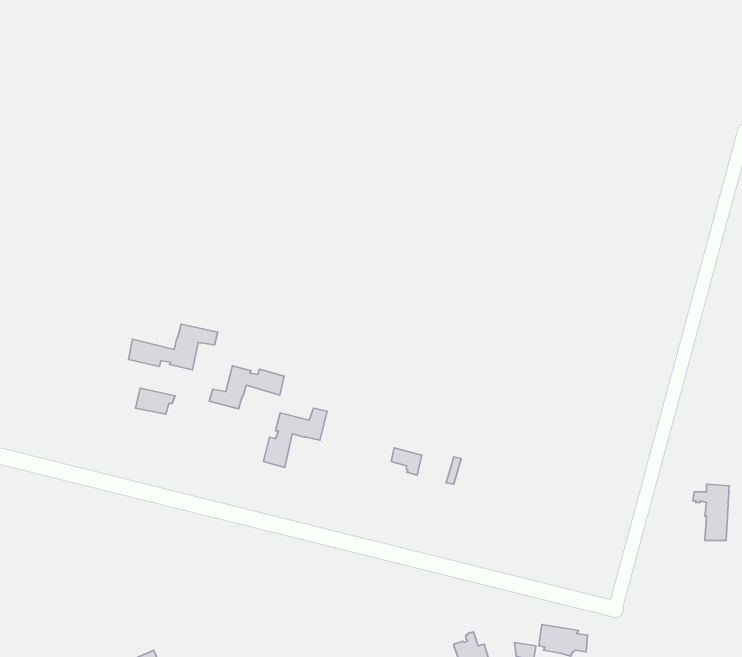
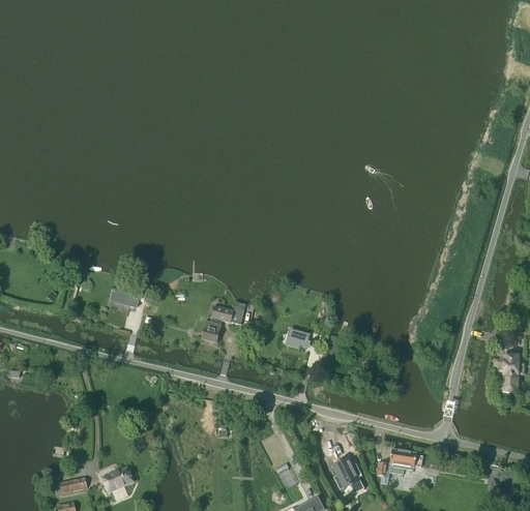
building: [129,324,218,370] -> none
building: [209,366,284,409] -> none

